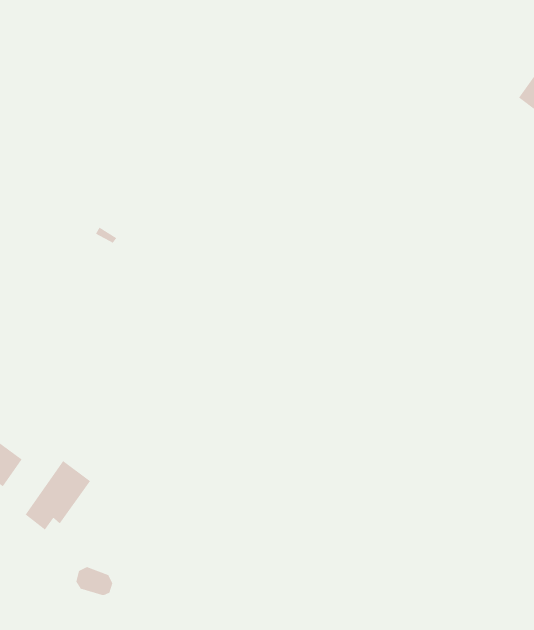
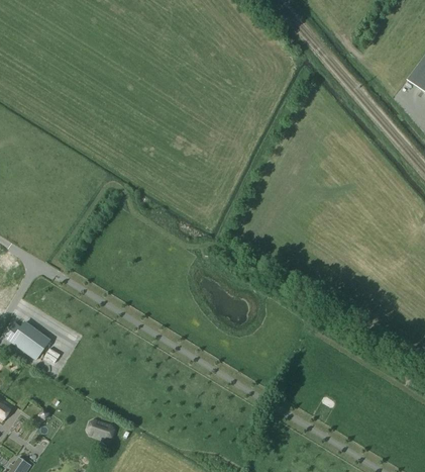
building: [25,460,91,531] -> none

